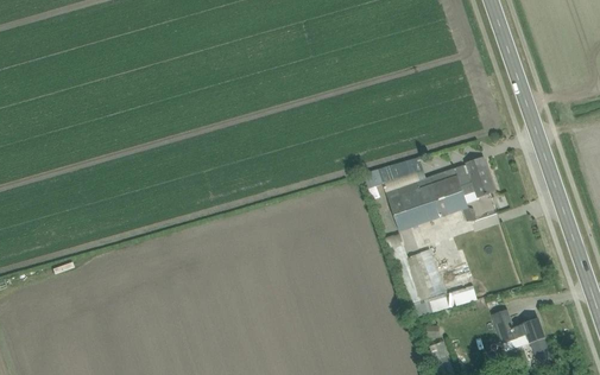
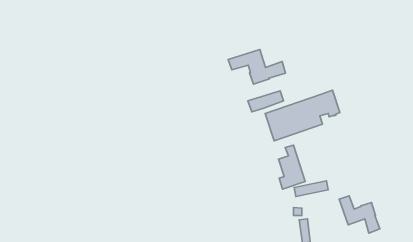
building: none -> [228,50,285,84]

